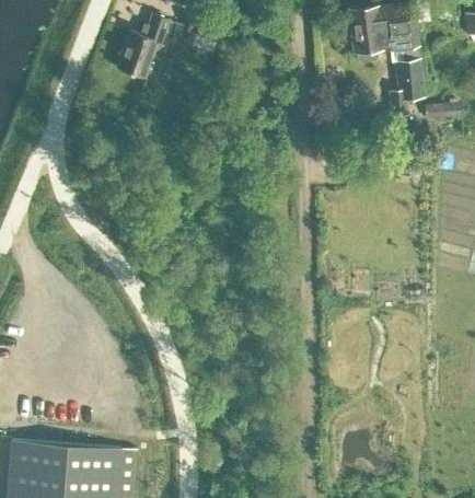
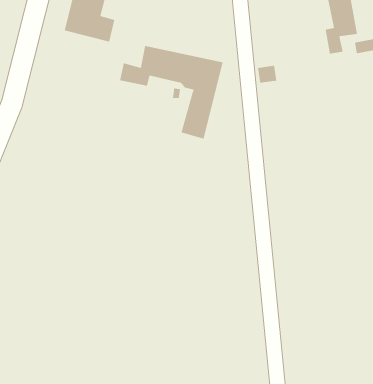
building: none -> [120,45,223,139]

